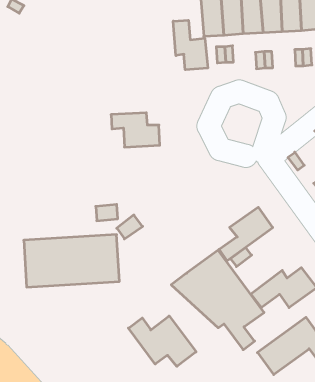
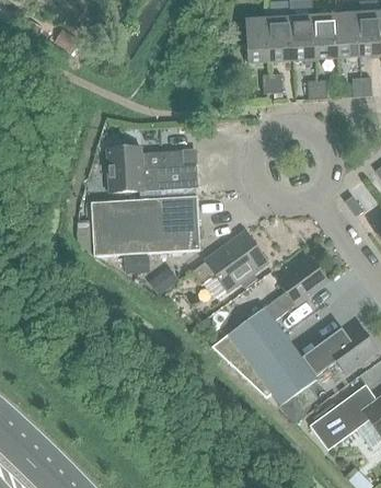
building: [173,20,208,70] -> none
building: none -> [106,146,158,191]
building: none -> [193,232,266,288]
building: [24,235,119,287] -> [91,195,200,255]
building: [128,316,196,366] -> none

